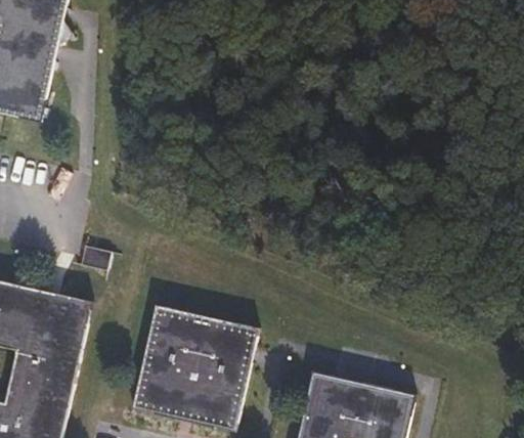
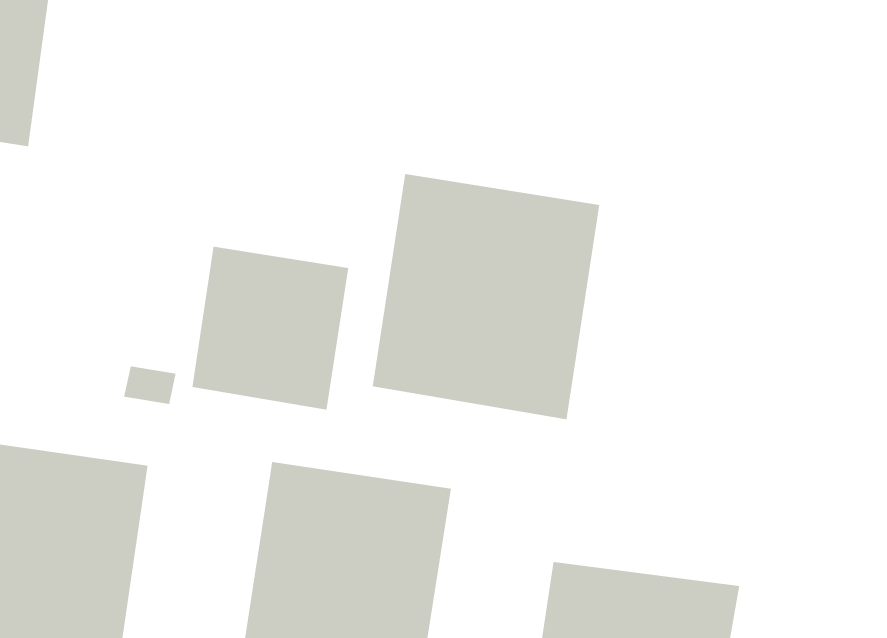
building: none -> [372,173,600,420]
building: none -> [191,246,349,410]

